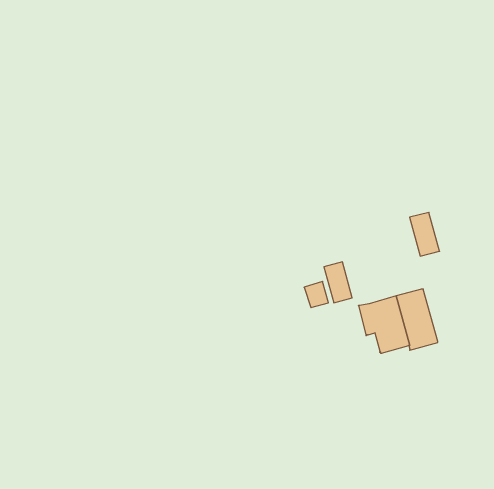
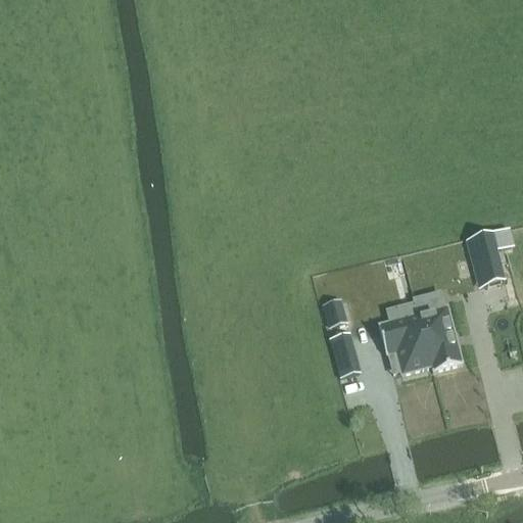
building: [410,212,440,256] -> [472,237,504,283]
building: [324,262,352,303] -> [329,331,359,374]

